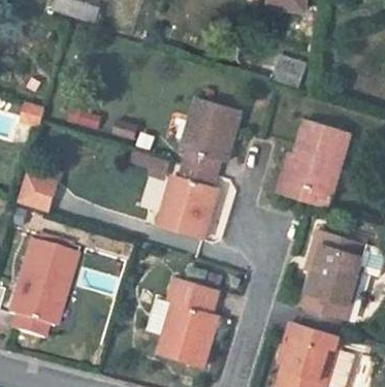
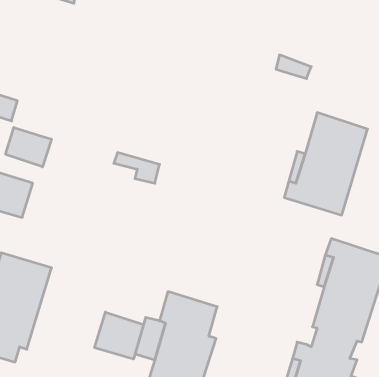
building: [159,97,243,239] -> none
building: none -> [6,127,51,167]
building: none -> [95,312,144,359]

